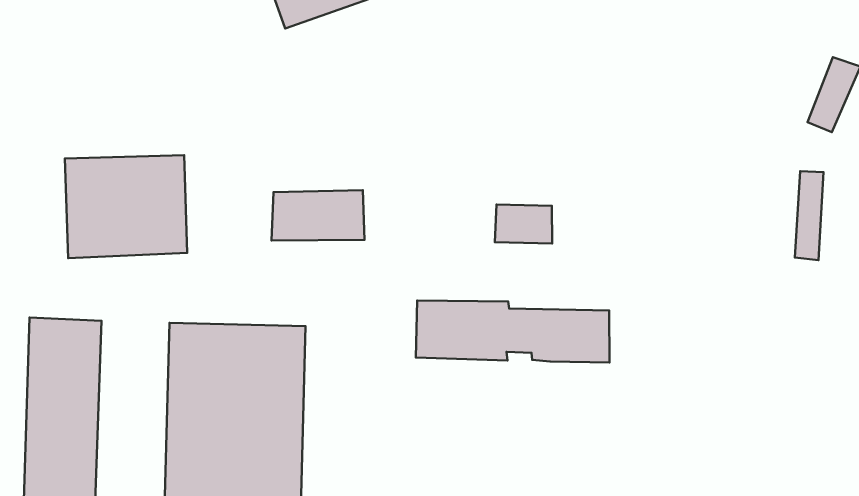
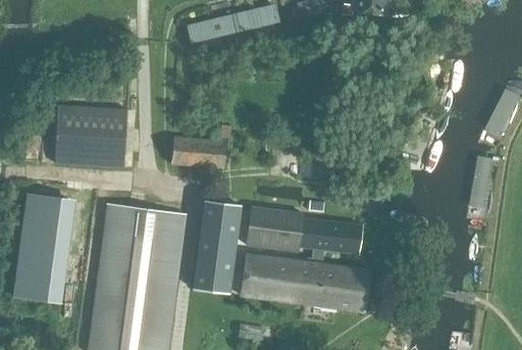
building: none -> [194,201,241,292]
building: none -> [241,248,367,311]

